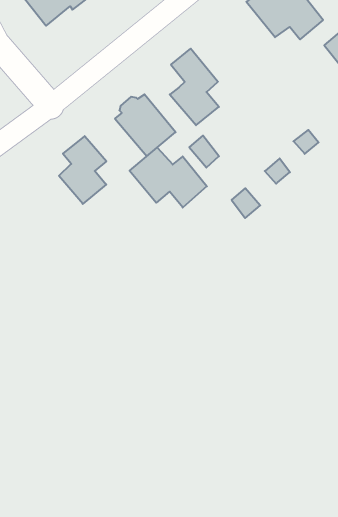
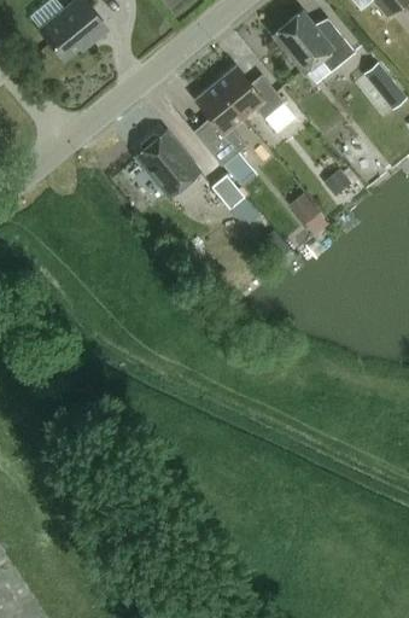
building: none -> [215,66,284,119]
building: [59,136,106,204] -> none
building: [130,148,207,208] -> none

